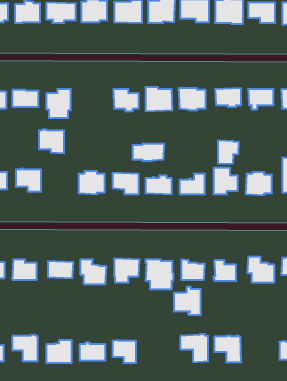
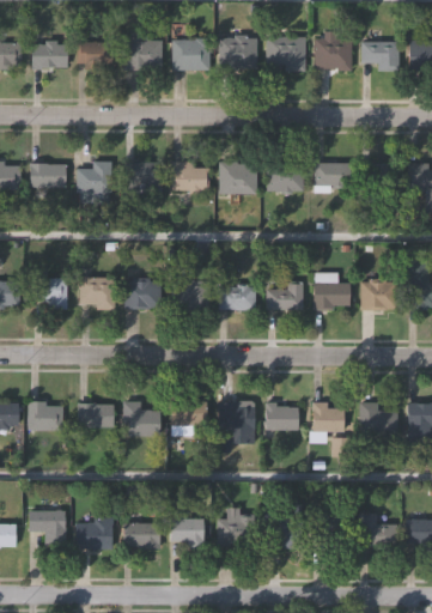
building: none -> [123,163,160,202]
building: [39,130,64,153] -> [78,278,114,311]
building: [218,140,239,164] -> none
building: [133,143,164,161] -> none
building: [174,287,201,315] -> [217,510,255,550]
building: none -> [359,514,397,551]

